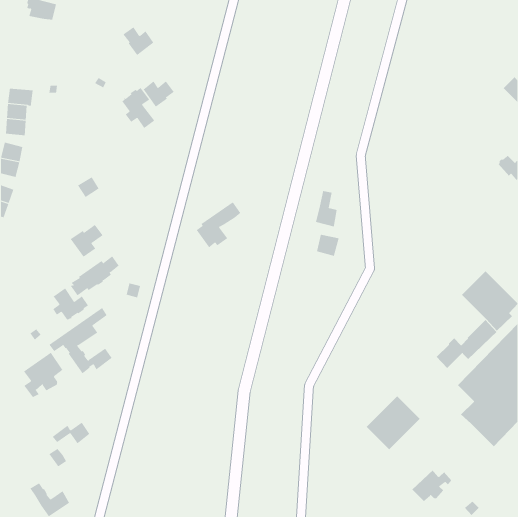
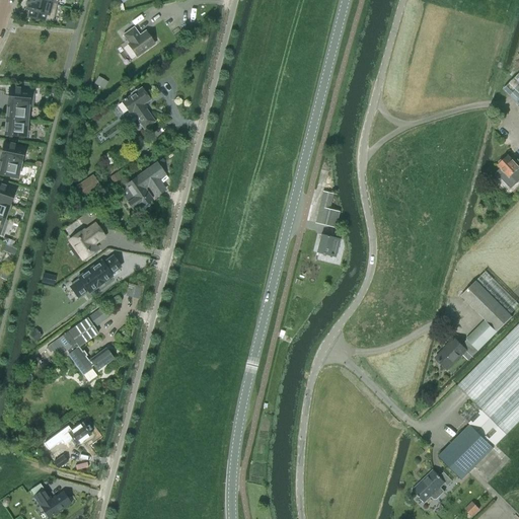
building: [143,80,175,107] -> none
building: [196,202,241,248] -> [120,162,165,209]
building: [52,288,89,321] -> none
building: [23,352,63,398] -> none
building: [366,396,420,450] -> [439,424,494,478]

